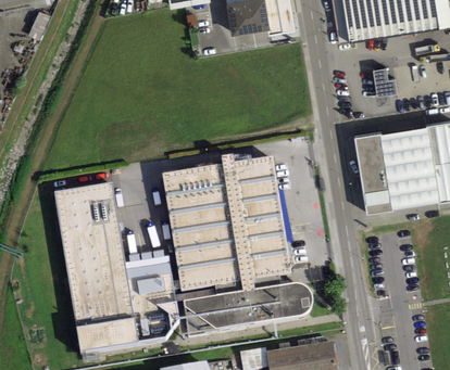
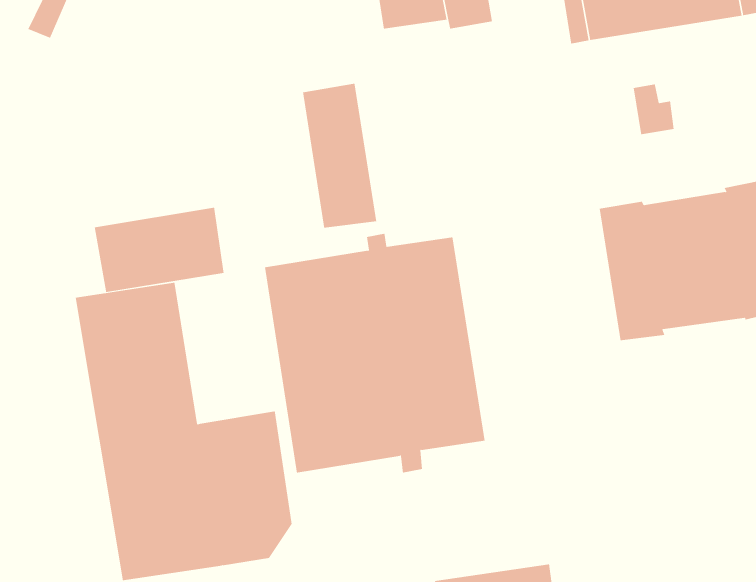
building: none -> [302,83,377,228]
building: none -> [94,207,224,293]
building: [184,282,312,332] -> none

